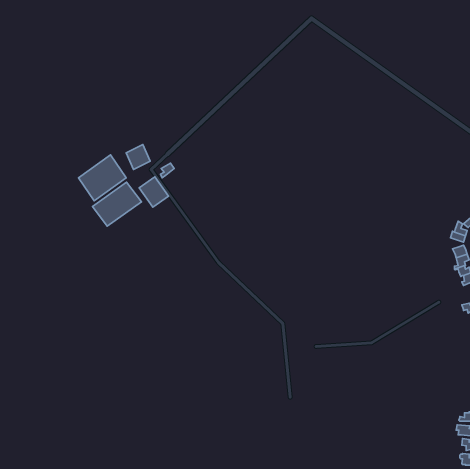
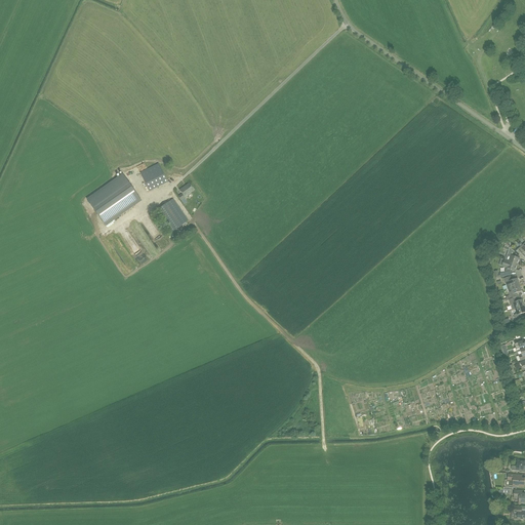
building: [92,182,141,226] -> none

